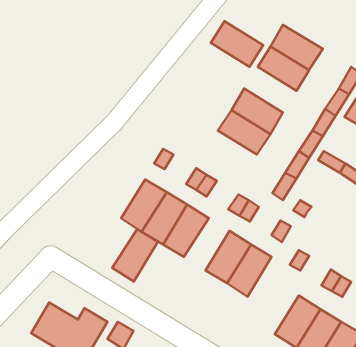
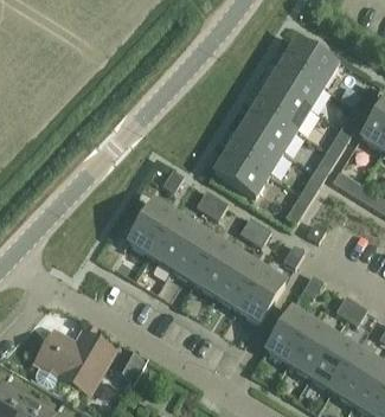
building: [211,21,263,67] -> [256,84,310,131]
building: none -> [216,150,269,198]
building: [112,229,158,282] -> [193,242,240,296]
building: none -> [267,309,313,363]

